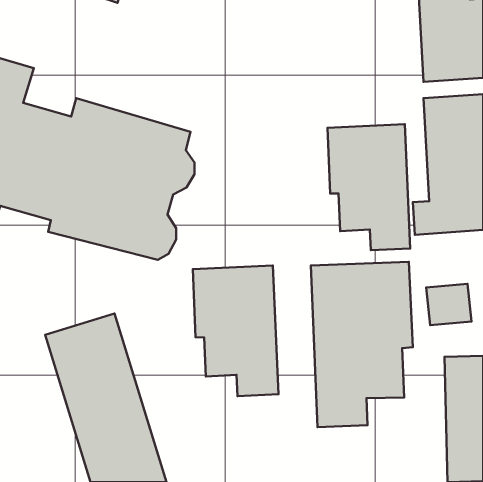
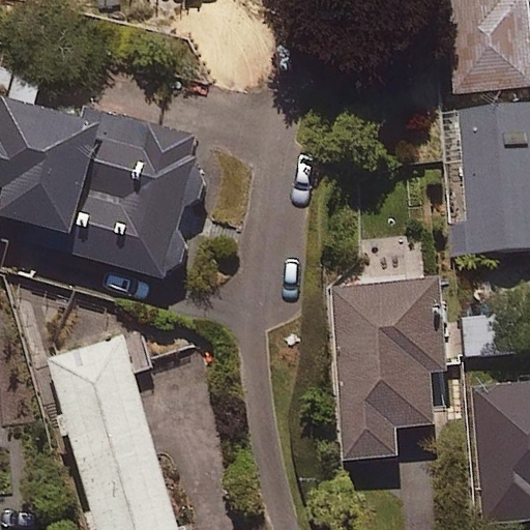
building: [328,124,410,250] -> none
building: [193,266,278,396] -> none

